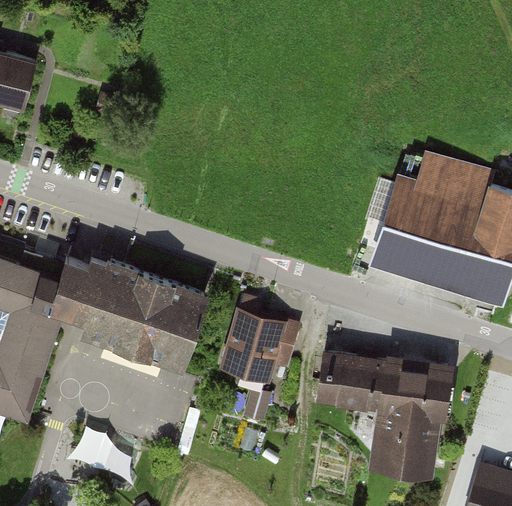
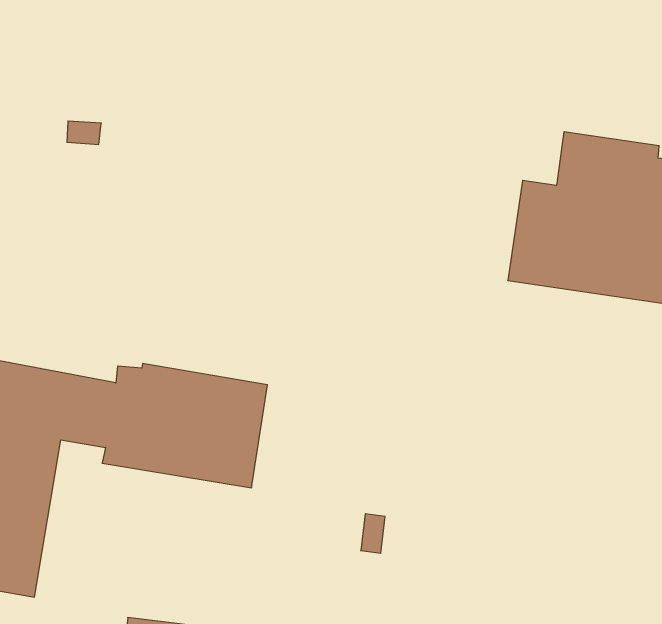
building: [226,319,284,383] -> none
building: [319,359,449,470] -> none

